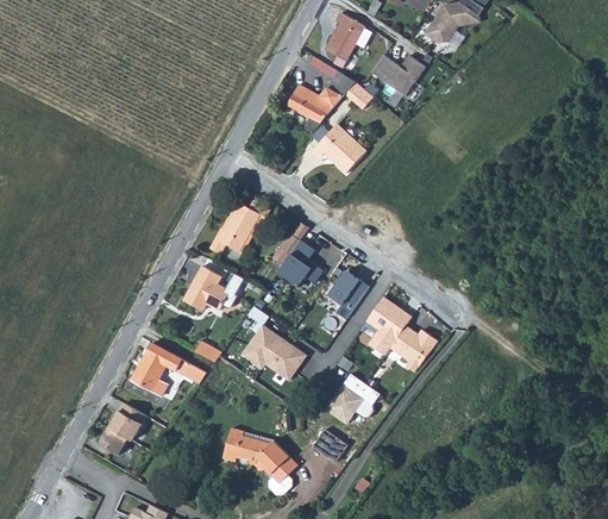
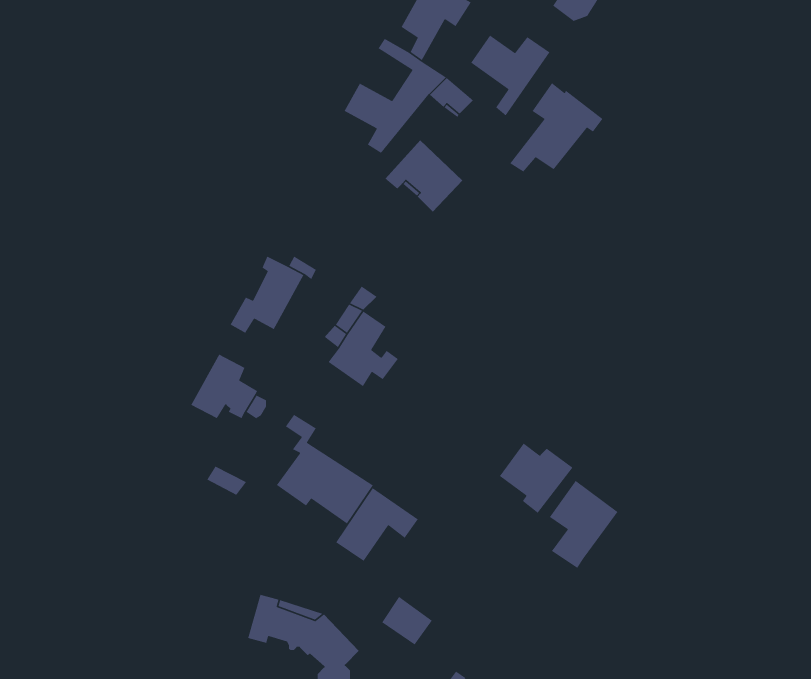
building: none -> [509,82,604,173]
building: [331,270,370,318] -> none
building: [366,296,413,356] -> [549,480,618,569]
building: [132,342,206,395] -> none
building: [327,374,383,424] -> [335,487,419,562]
building: [98,401,149,457] -> none

